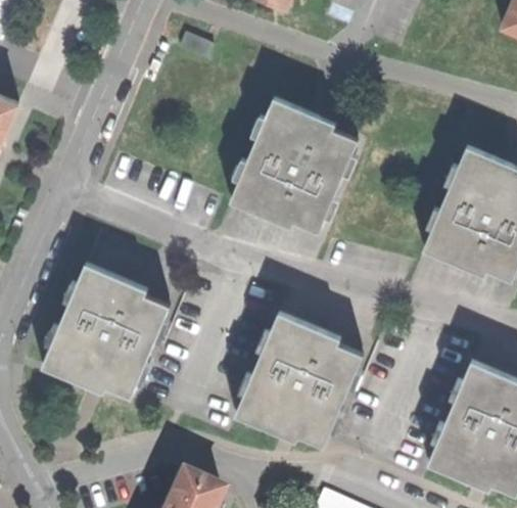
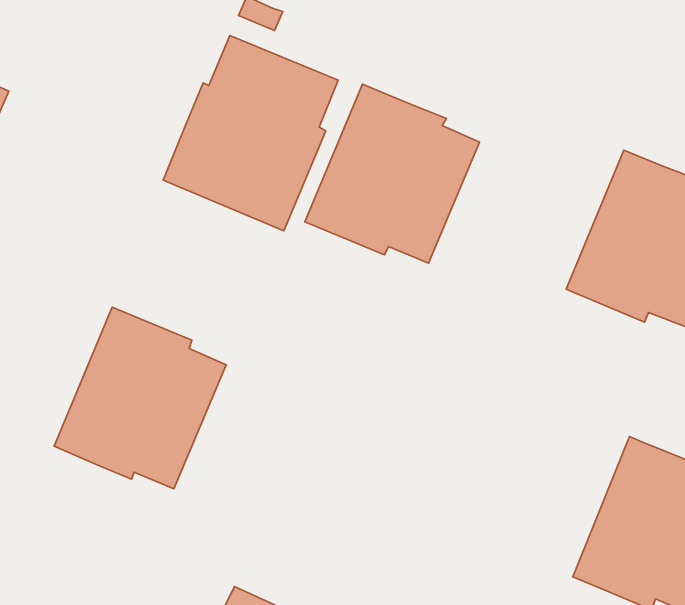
building: none -> [163,36,338,231]
building: [237,312,361,446] -> none

